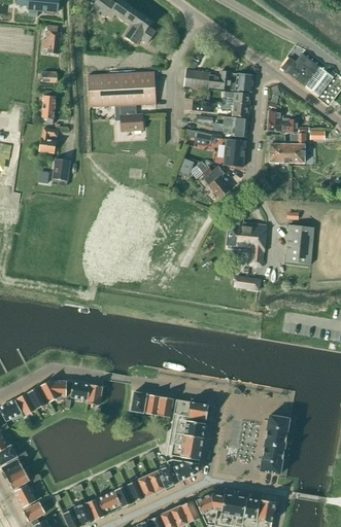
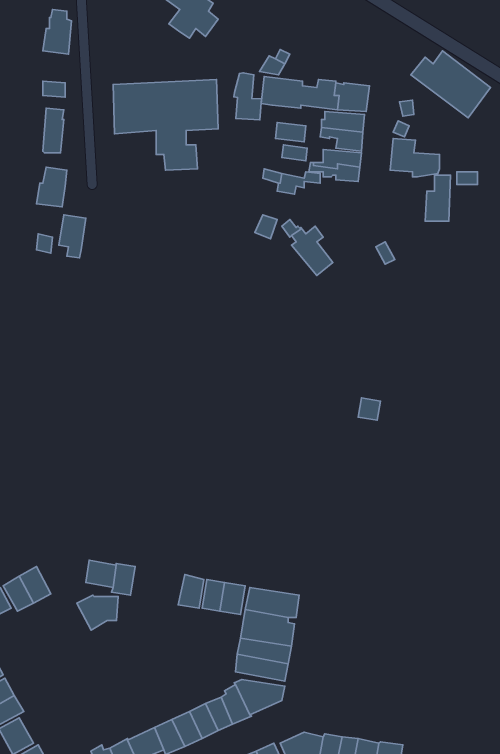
building: none -> [234,73,261,120]
building: [270,134,291,163] -> none
building: [223,139,246,167] -> none
building: [226,214,266,267] -> none
building: [285,224,313,264] -> none
building: [40,380,67,402] -> [77,595,118,630]
building: [260,415,289,473] -> none

